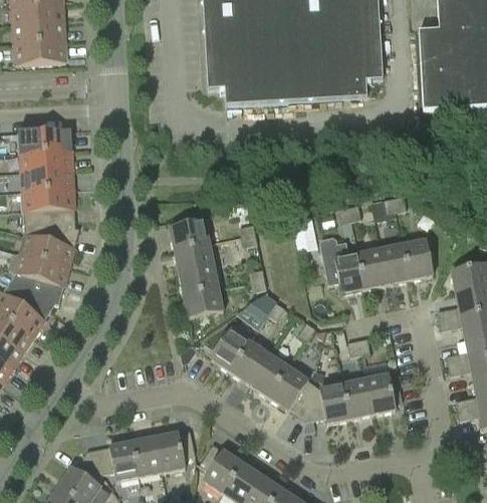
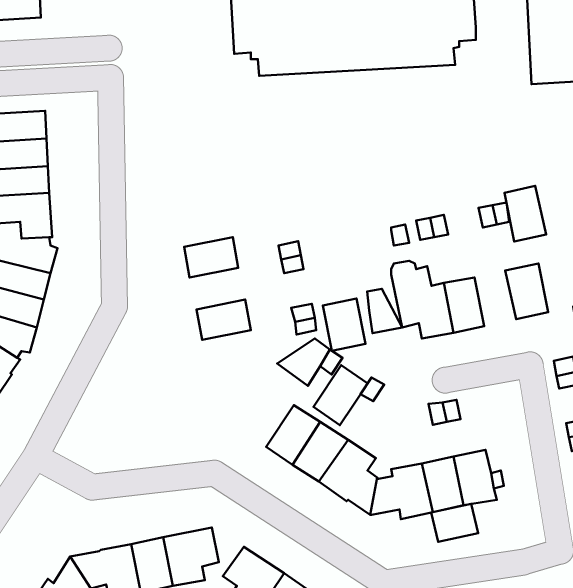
building: [175,242,215,272] -> none
building: [381,244,411,284] -> [505,186,546,241]
building: none -> [367,289,402,333]
building: none -> [323,298,365,351]
building: [184,287,224,318] -> none
building: [211,328,250,371] -> [313,365,368,425]
building: none -> [431,504,478,542]

